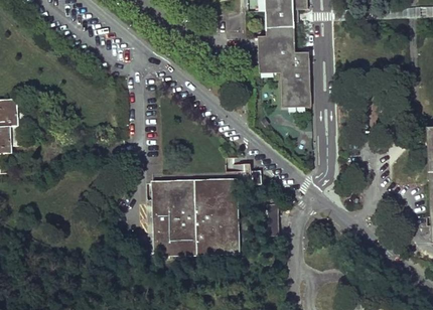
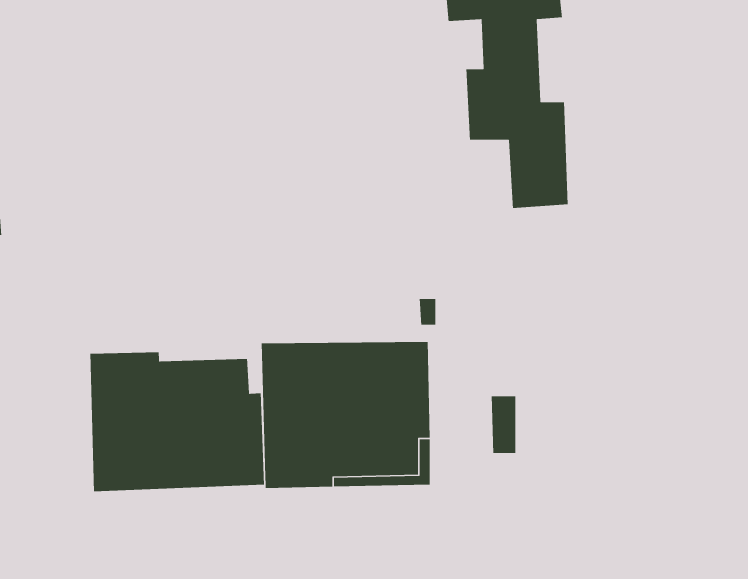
building: none -> [90,352,265,492]

